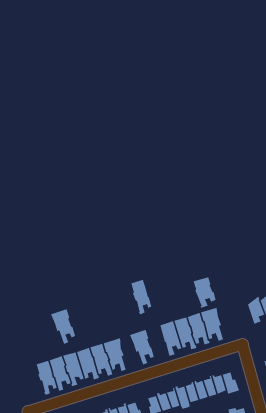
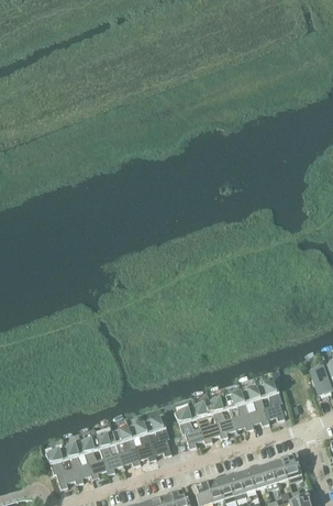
building: [193,276,216,309] -> none
building: [130,279,152,315] -> [193,400,219,442]
building: [50,308,76,344] -> [45,446,75,487]

